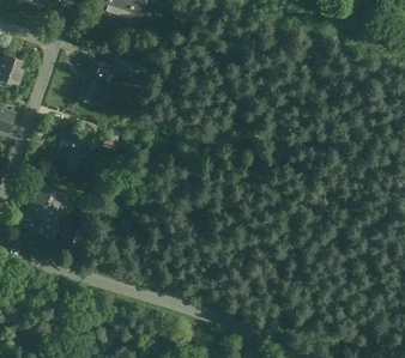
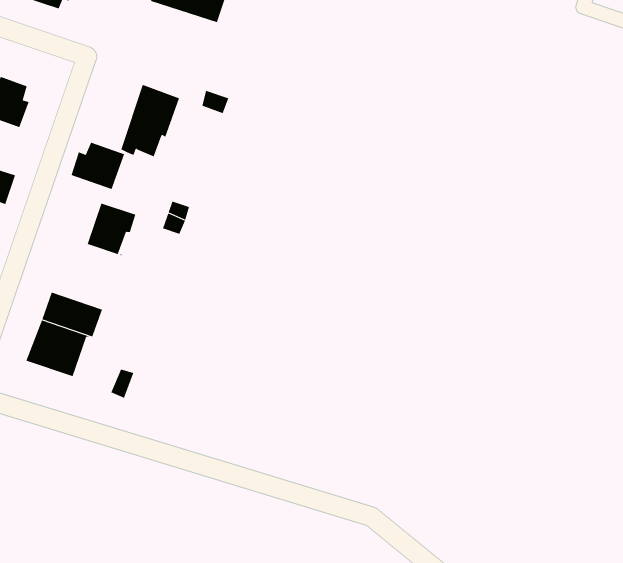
building: none -> [71,142,125,190]

